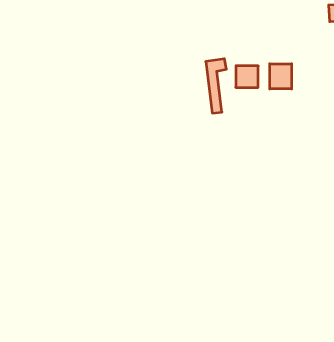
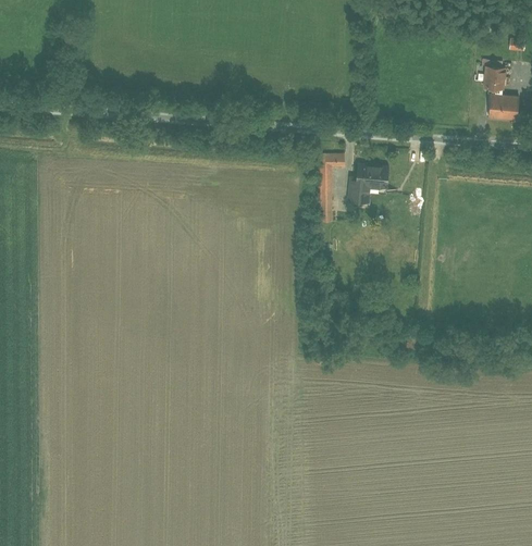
building: [270,64,292,89] -> none

